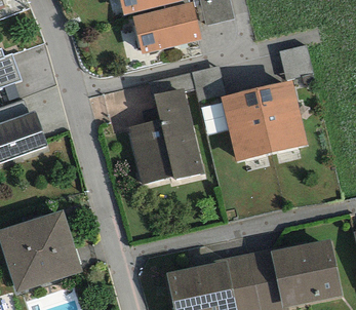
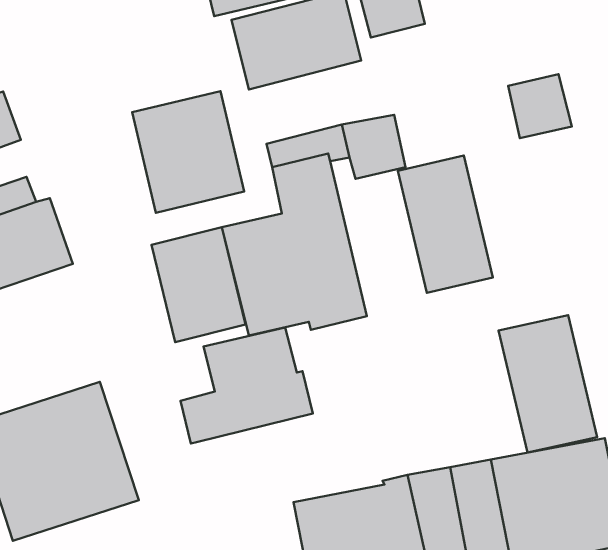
building: none -> [132,91,244,213]
building: [255,80,308,153] -> [498,315,597,453]
building: none -> [152,227,245,342]
building: none -> [181,327,313,443]

